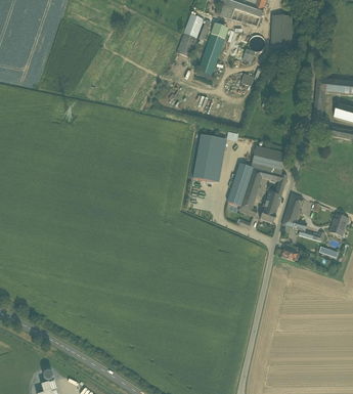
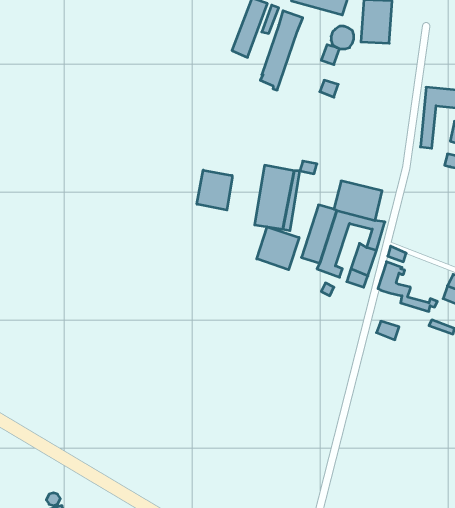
building: none -> [197,170,232,210]
building: none -> [257,227,299,270]

